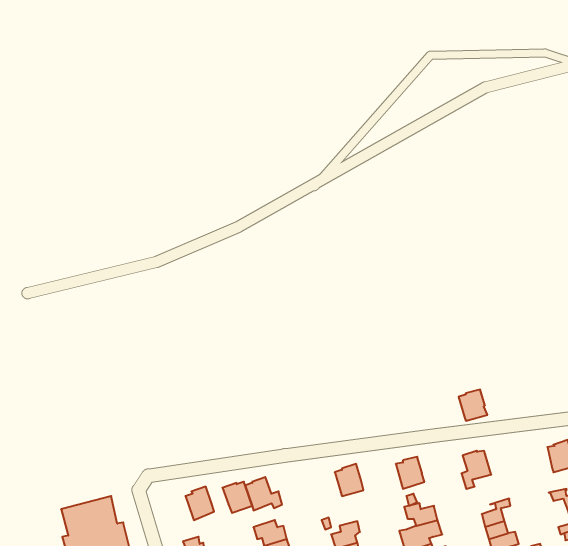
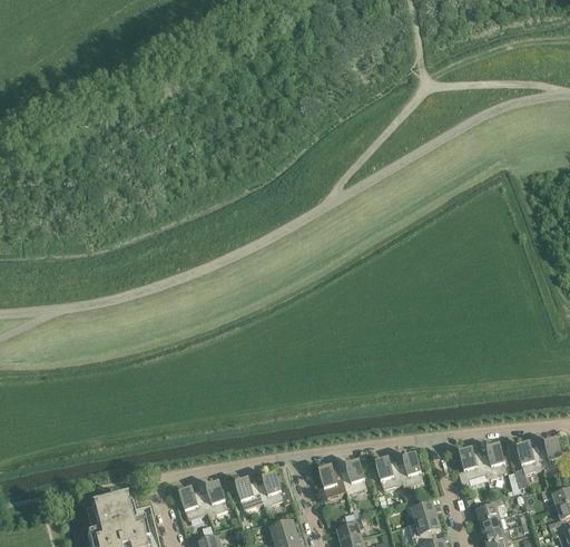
building: [459,390,487,421] -> [480,446,507,475]
building: none -> [514,442,542,485]
building: none -> [375,458,402,487]
building: none -> [318,466,345,495]
building: none -> [179,488,207,517]

